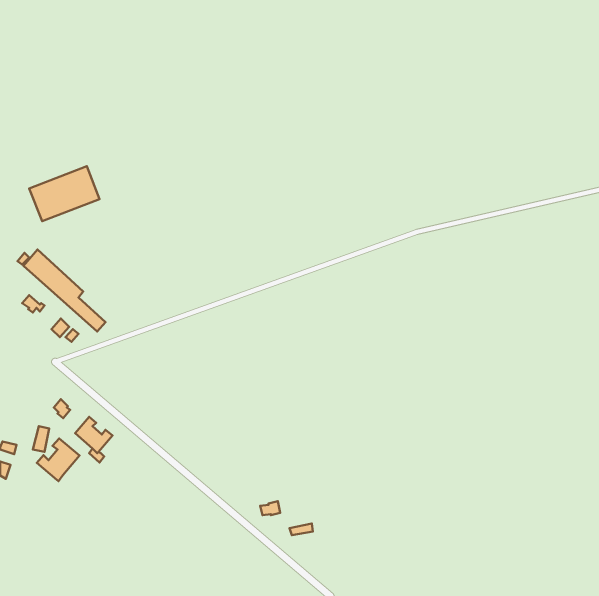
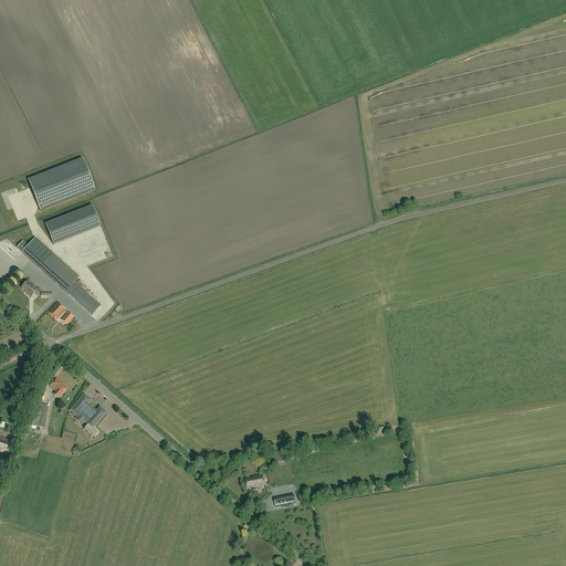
building: none -> [45,203,99,243]
building: [37,438,79,481] -> none

